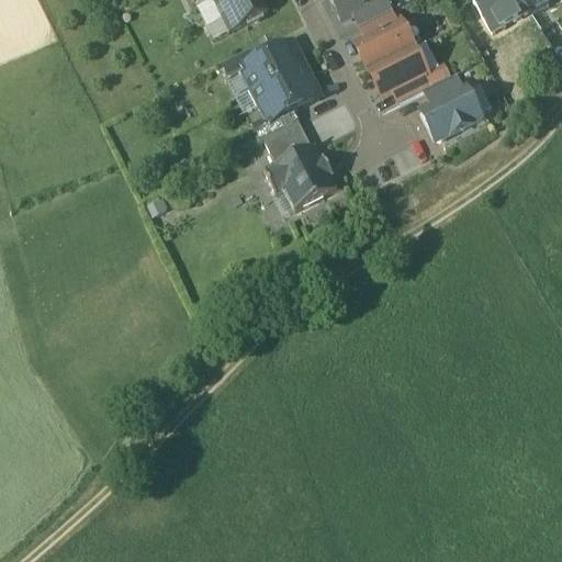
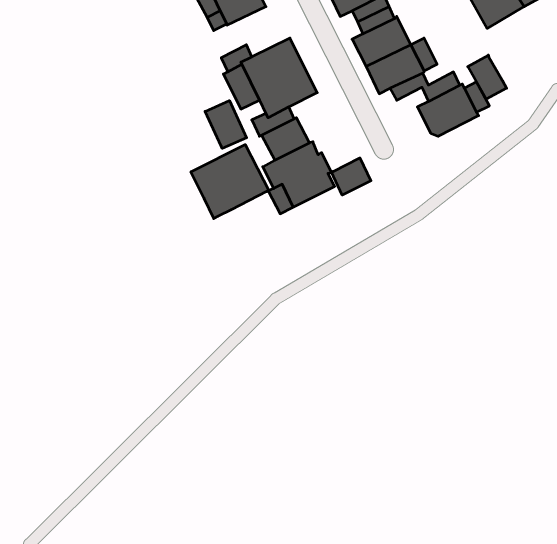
building: none -> [468,55,507,99]
building: none -> [205,101,247,148]
building: none -> [191,145,269,219]
building: none -> [331,158,371,195]

